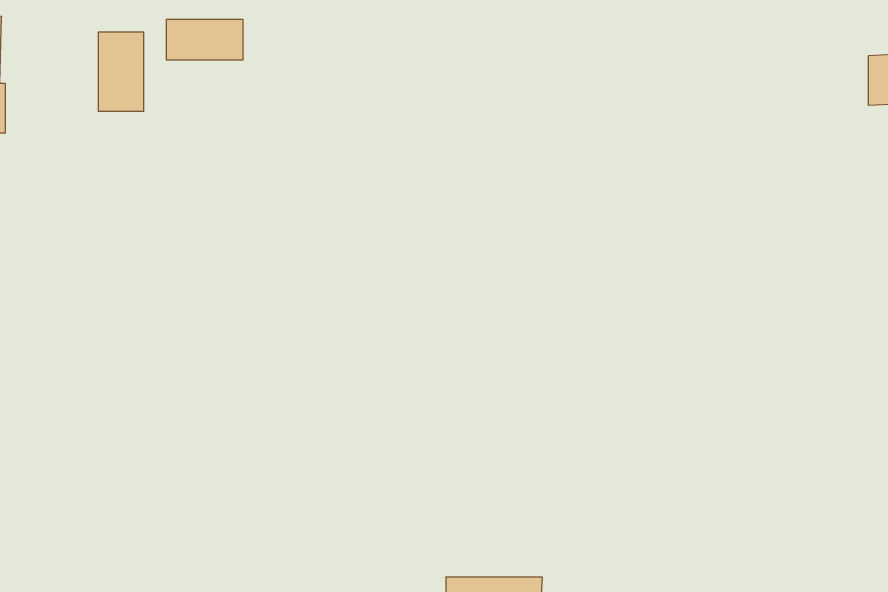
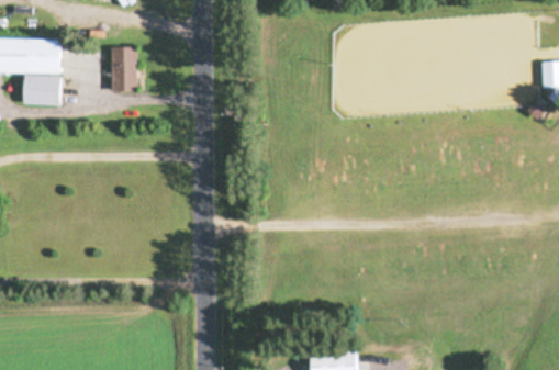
building: [166,19,243,60] -> none

